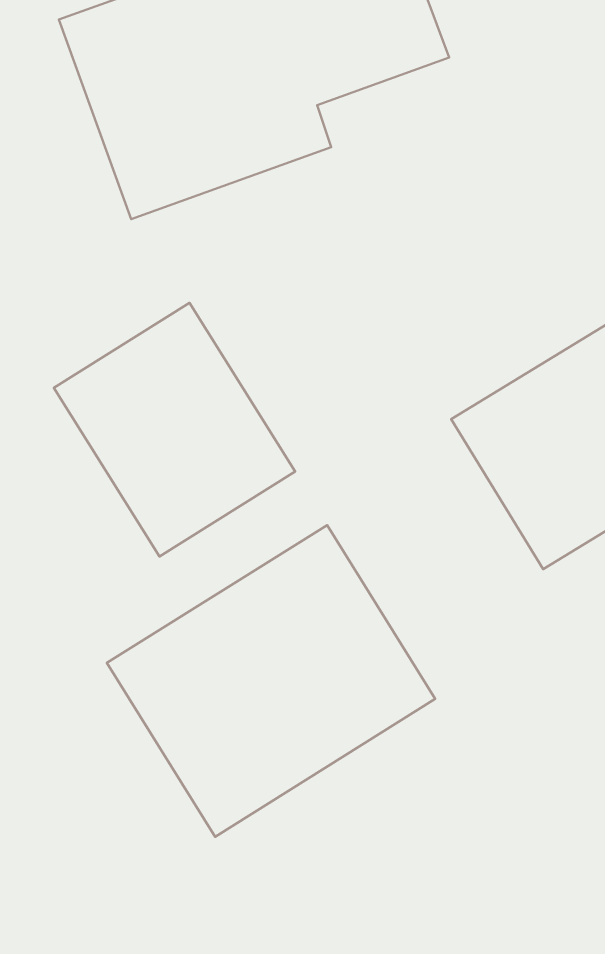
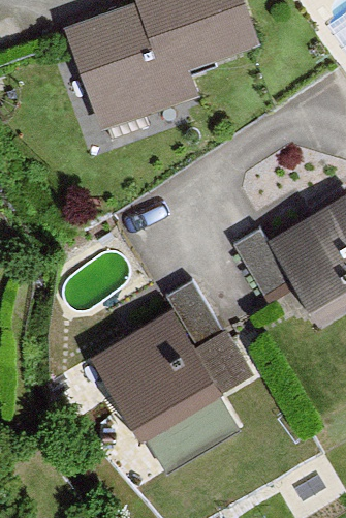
building: [54,303,295,557] -> none

